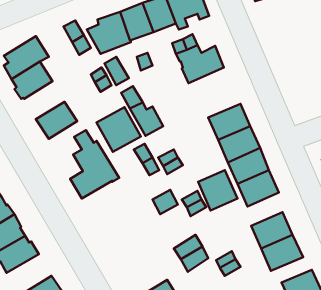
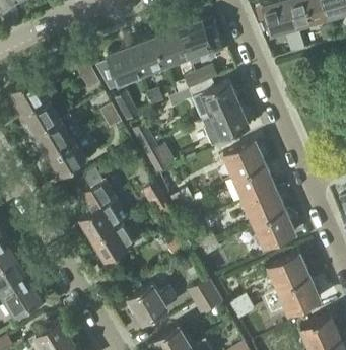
building: none -> [202,104,249,147]
building: none -> [31,119,73,158]
building: [97,107,141,152] -> none
building: [198,170,237,210] -> none
building: none -> [91,222,136,263]
building: none -> [128,283,178,322]

